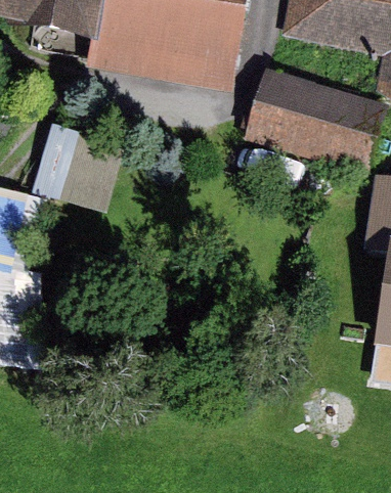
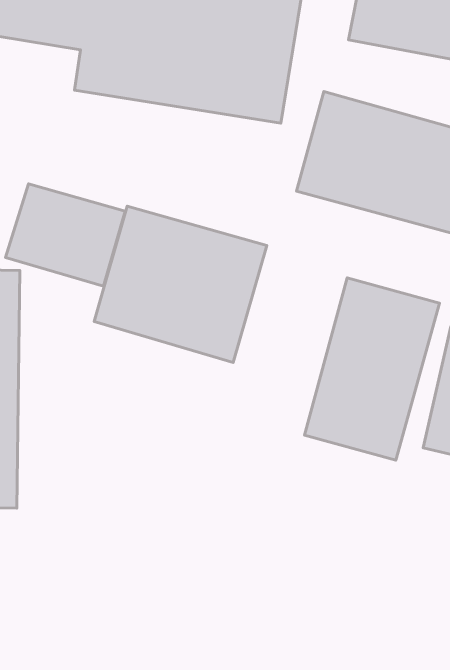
building: none -> [94,206,267,362]
building: none -> [305,278,440,460]

